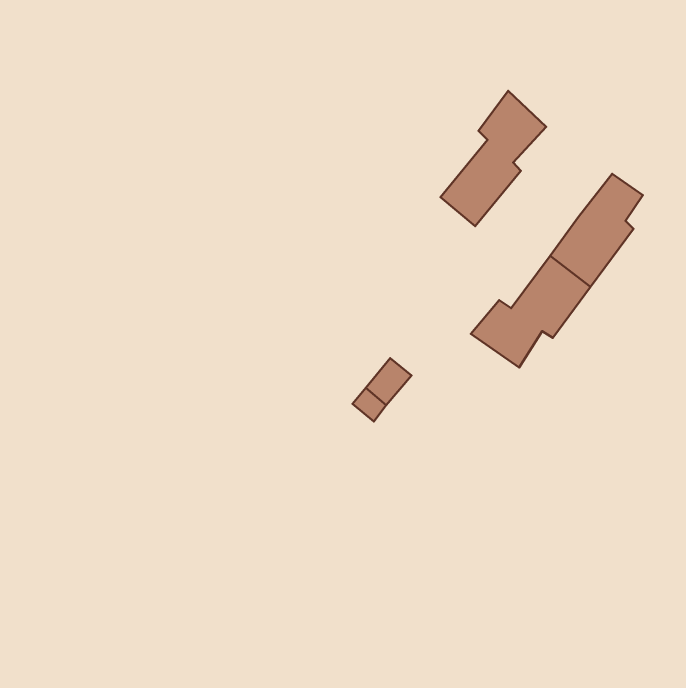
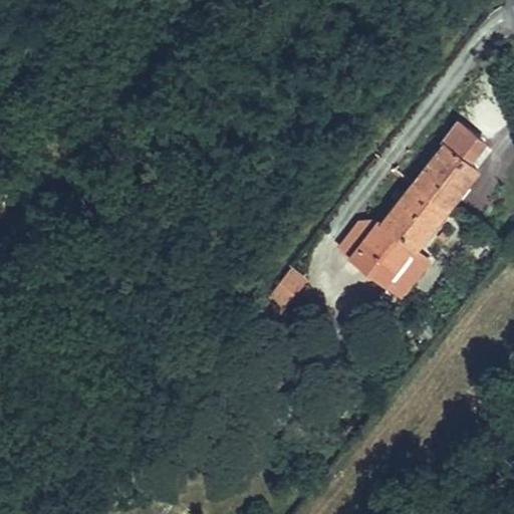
building: [441,91,546,226] -> none
building: none -> [339,217,426,294]

